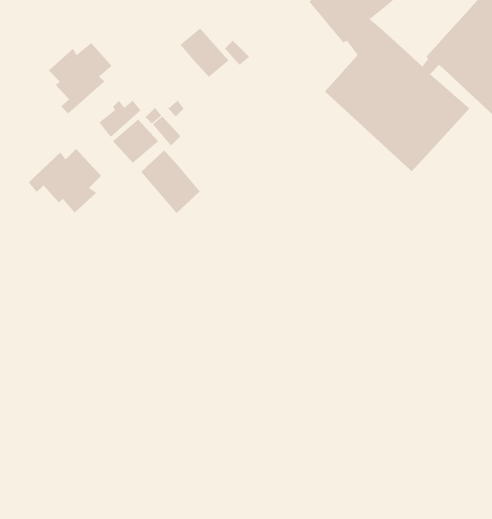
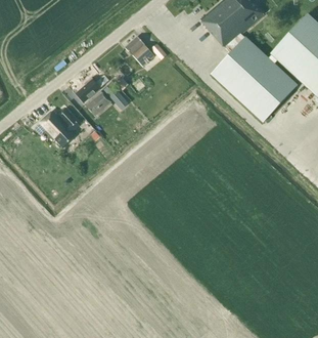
building: [48,42,112,114] -> none
building: [140,150,201,214] -> none

